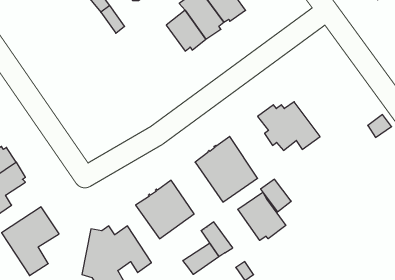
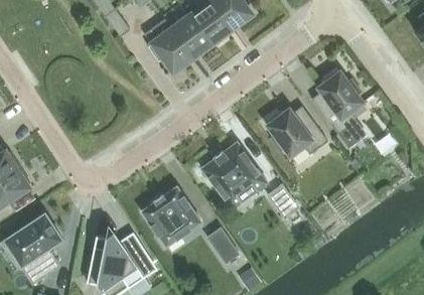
building: none -> [143,20,191,72]
building: none -> [311,68,365,147]
building: [238,192,286,240] -> none
building: [183,243,219,274] -> none

